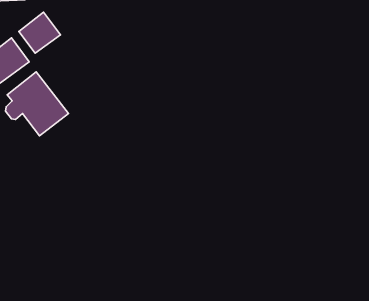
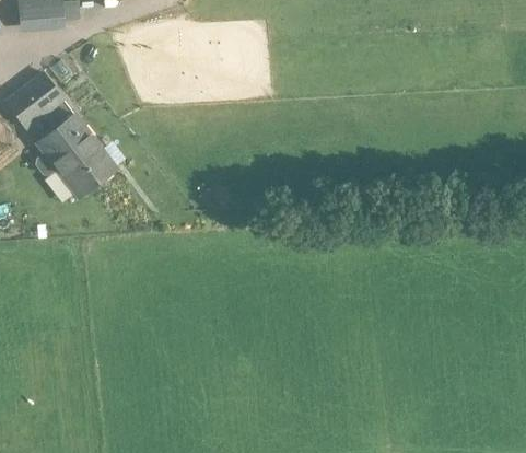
building: [19,12,61,53] -> none

